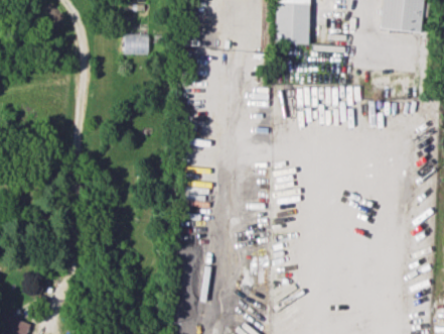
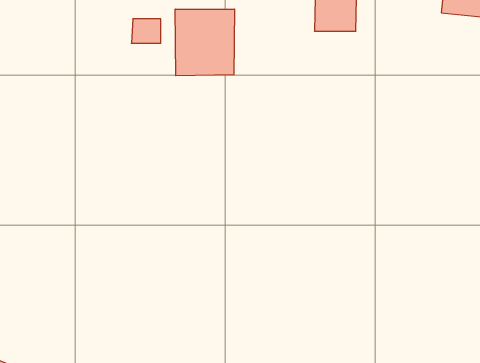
building: none -> [175,9,235,76]

